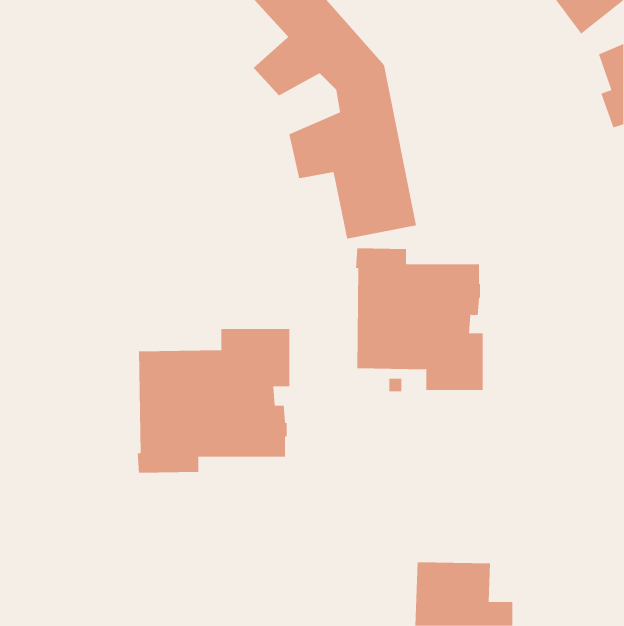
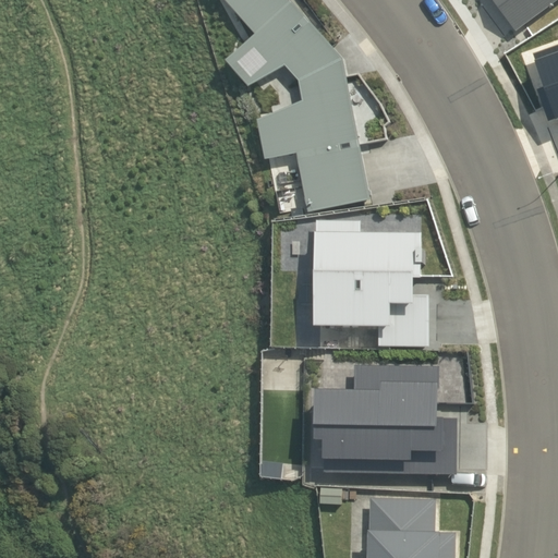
building: [137,328,290,474] -> none
building: none -> [316,364,456,473]

